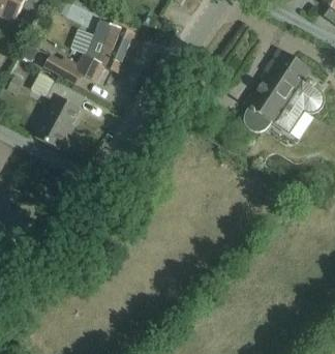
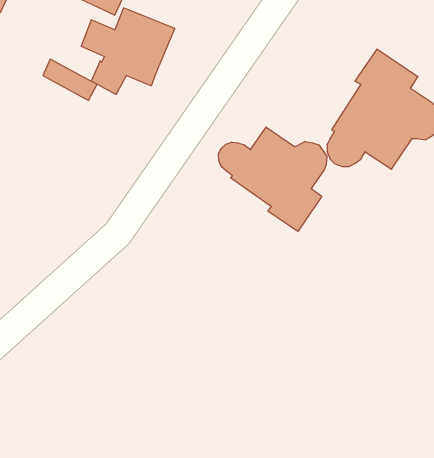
building: [30,70,86,149] -> none
building: none -> [219,127,327,231]

